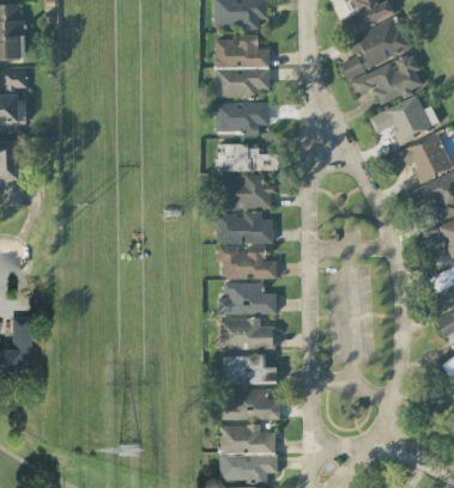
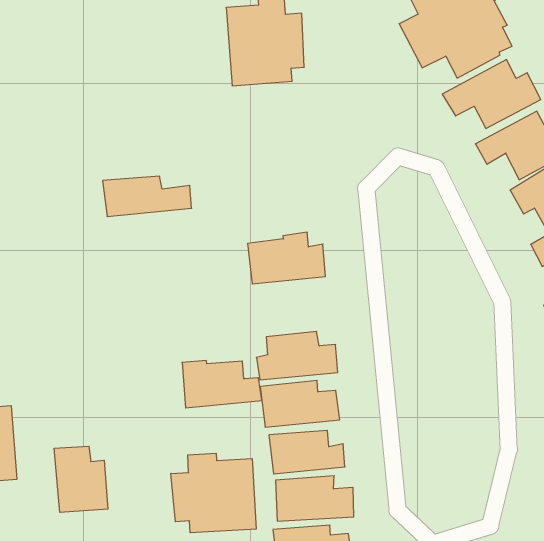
building: [214,102,268,135] -> none
building: [216,145,279,171] -> [103,176,192,216]
building: [230,176,273,208] -> none
building: [220,245,277,279] -> [182,361,262,408]
building: none -> [54,446,108,512]
building: none -> [171,453,256,533]

